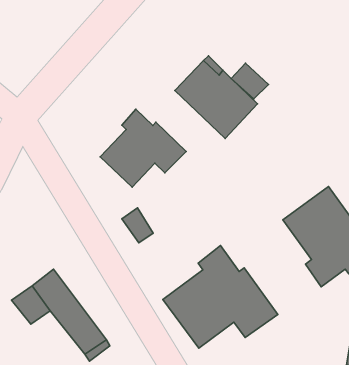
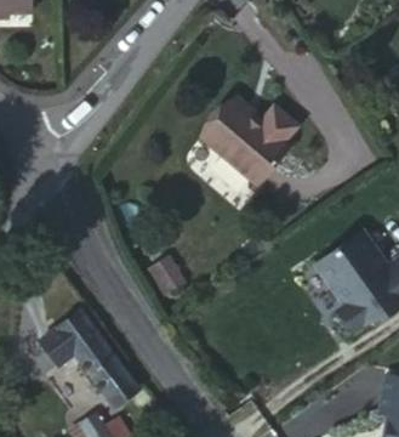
building: [100,109,186,187] -> none
building: [163,246,278,348] -> none

